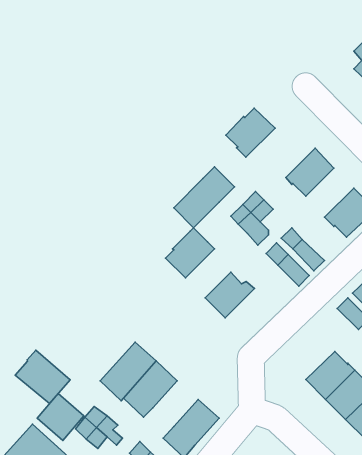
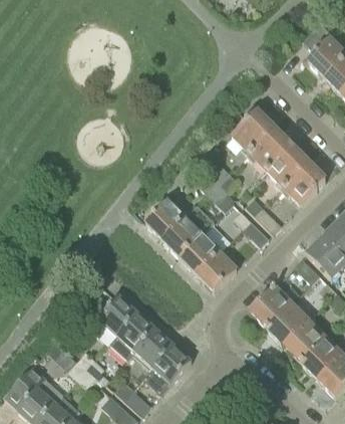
building: [226,108,275,157] -> [232,112,274,154]
building: [174,167,235,228] -> [162,205,215,257]
building: none -> [266,146,307,188]
building: none -> [197,249,237,291]
building: none -> [249,285,291,328]
building: [15,350,70,404] -> none
building: none -> [134,329,174,368]

